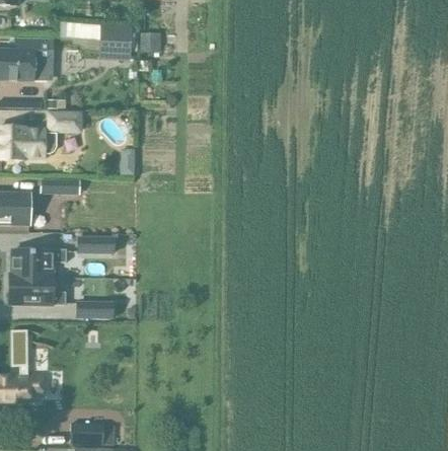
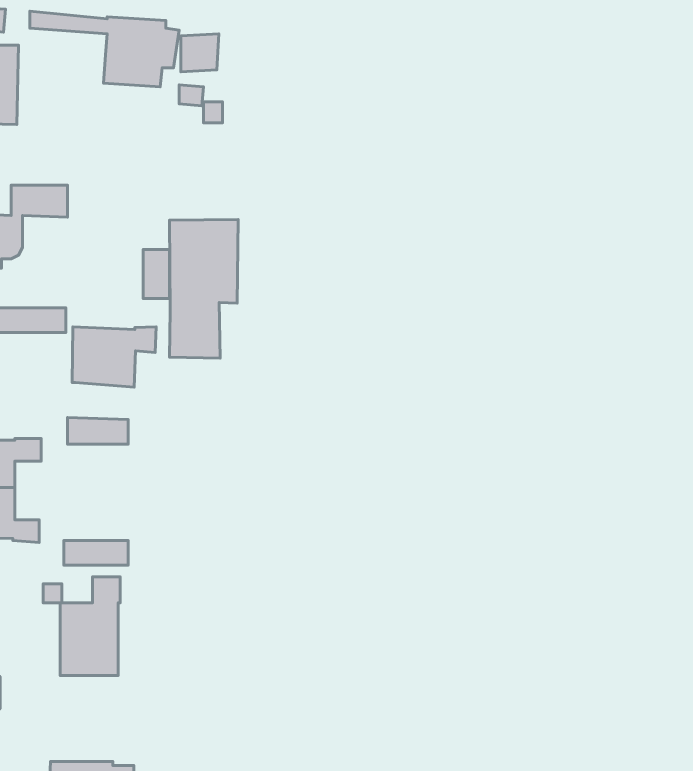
building: none -> [169,220,238,358]
building: none -> [72,327,156,387]
building: none -> [60,577,120,676]

